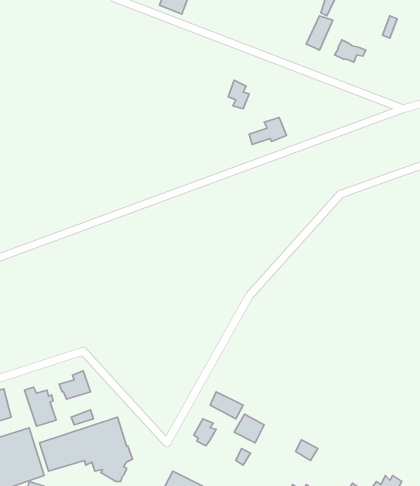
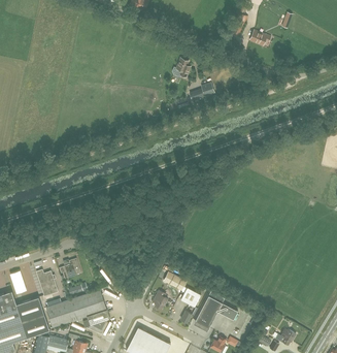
building: none -> [194,291,224,329]

